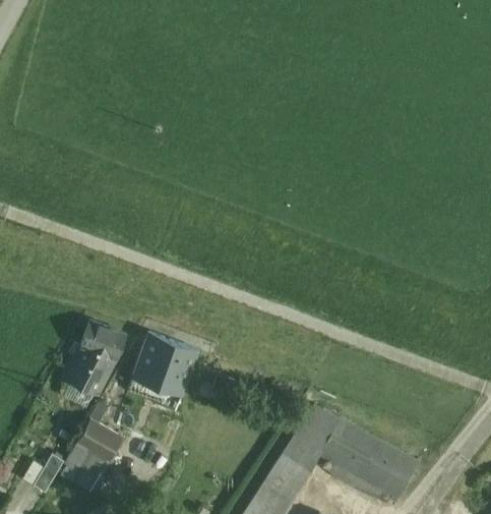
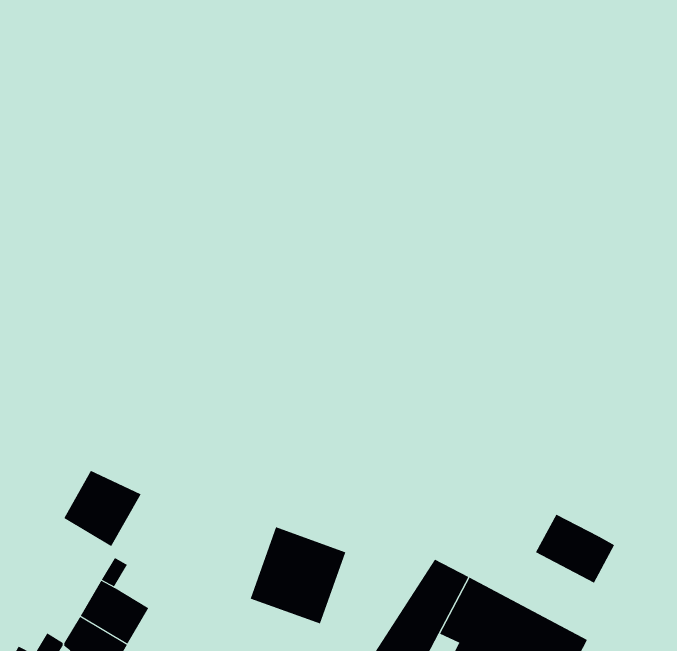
building: [81,322,125,361] -> none
building: [131,334,196,400] -> [250,527,346,624]
building: none -> [535,514,615,583]

